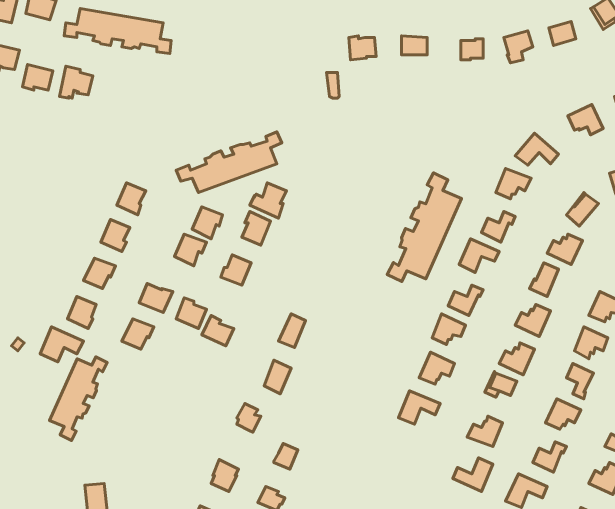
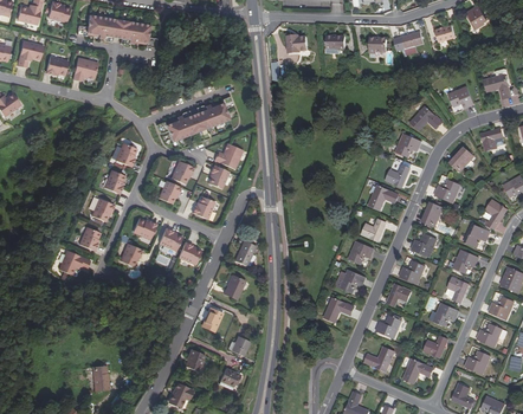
building: [387,173,462,282] -> none
building: [49,357,107,440] -> none

